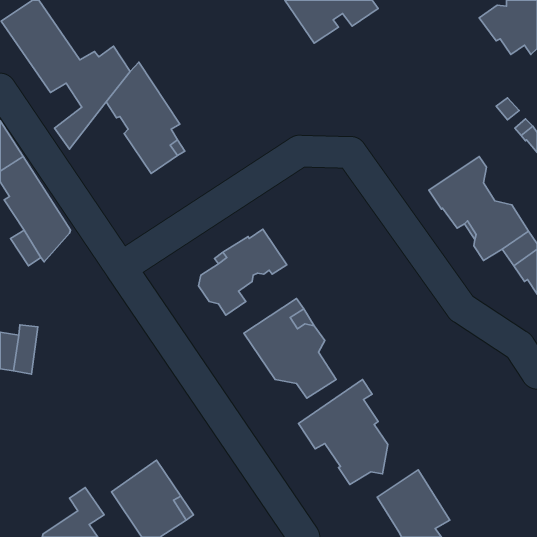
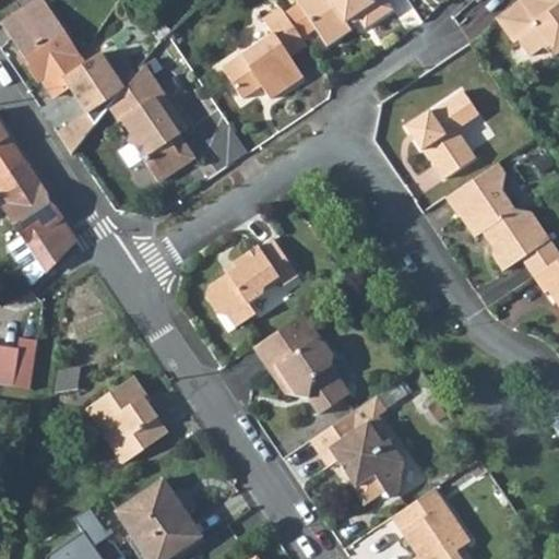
building: none -> [222,7,307,98]
building: none -> [405,91,479,179]
building: none -> [85,376,167,463]

